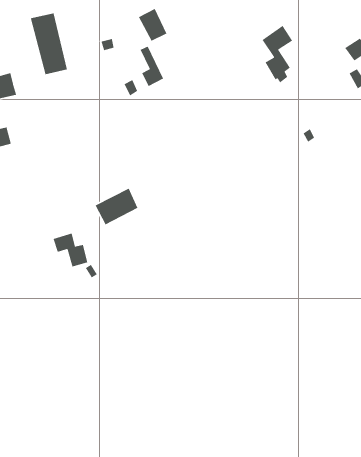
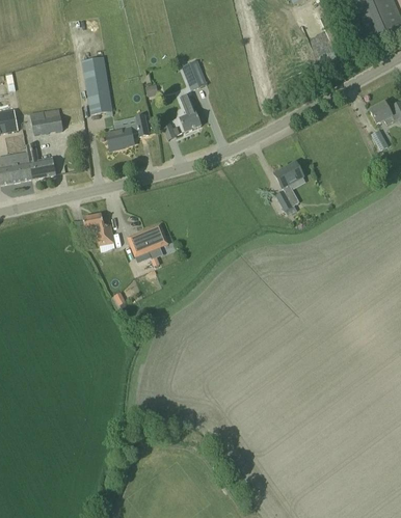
building: [262,25,293,84] -> [274,161,303,215]
building: none -> [106,114,149,151]
building: [53,233,88,267] -> [82,213,113,245]

